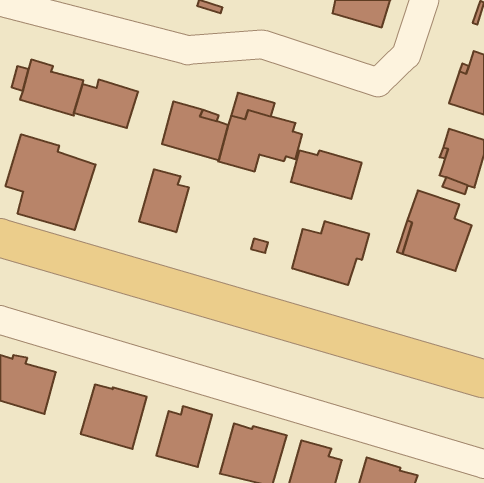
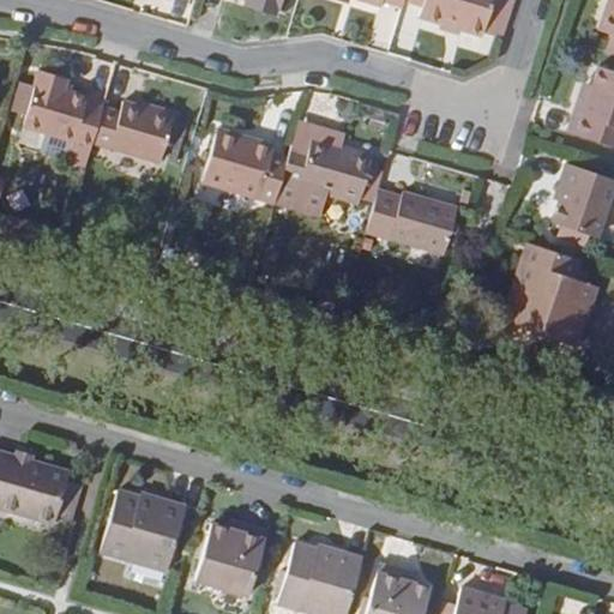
building: [6,134,96,230] -> none
building: [139,169,189,232] -> none
building: [292,221,369,285] -> none

